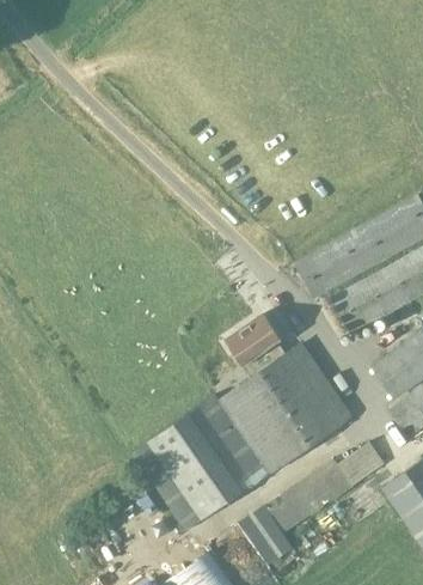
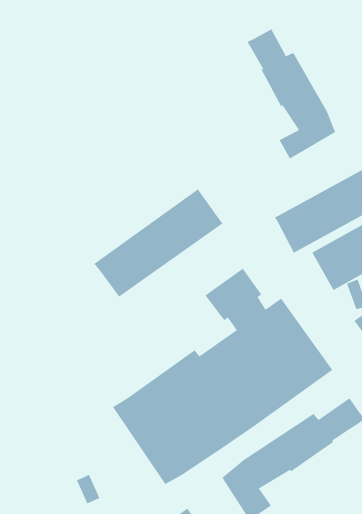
building: none -> [247,29,336,159]
building: none -> [94,189,223,298]

